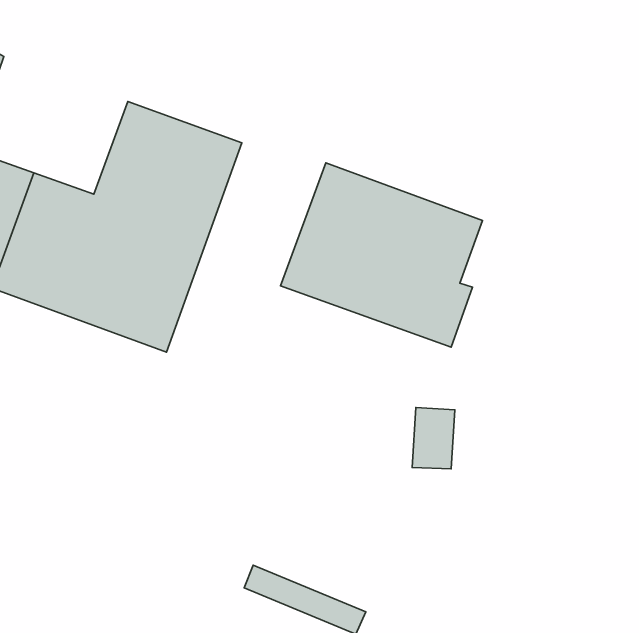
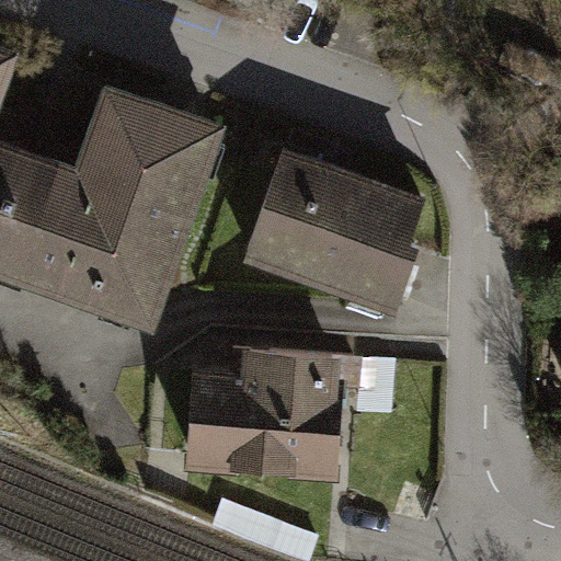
building: none -> [187,350,343,479]

